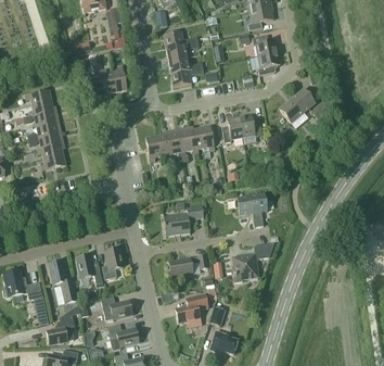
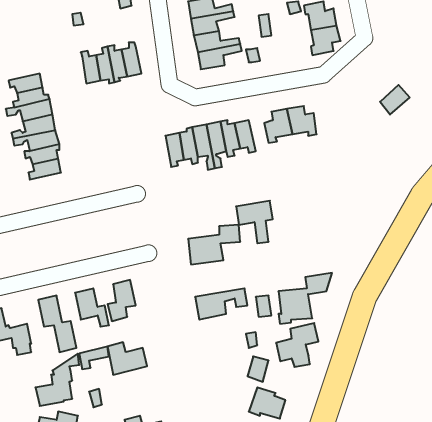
building: [279,89,313,122] -> none
building: [238,193,266,226] -> [236,201,273,243]
building: [175,293,207,327] -> [276,323,318,367]
building: [107,324,138,350] -> none

